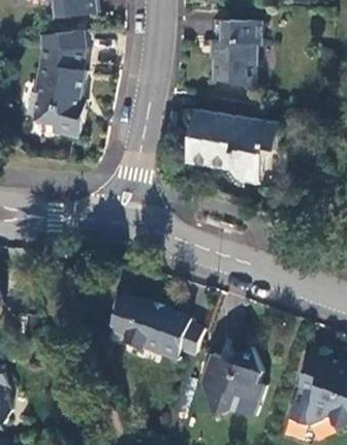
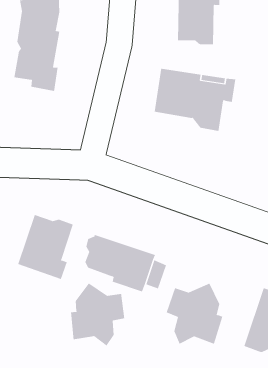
building: none -> [18,214,73,280]
building: none -> [70,282,125,346]

